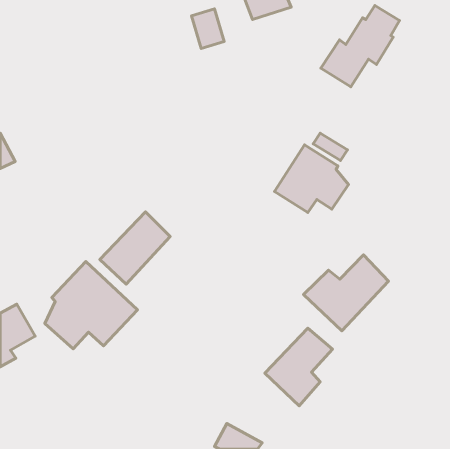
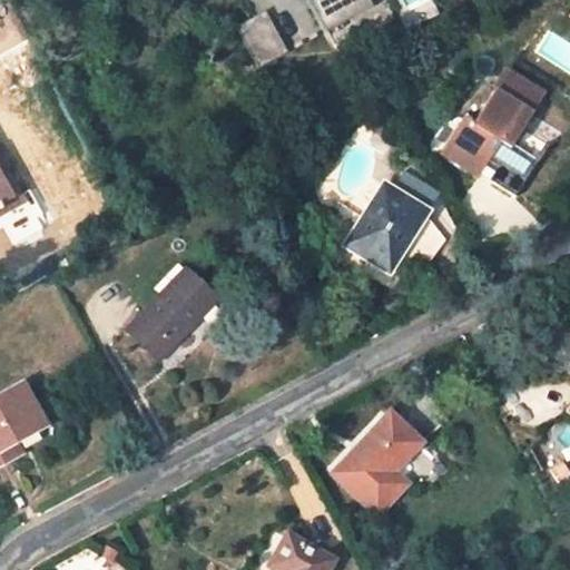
building: [321,6,400,87] -> [441,72,540,175]
building: [304,255,388,331] -> none
building: [45,261,138,349] -> none

